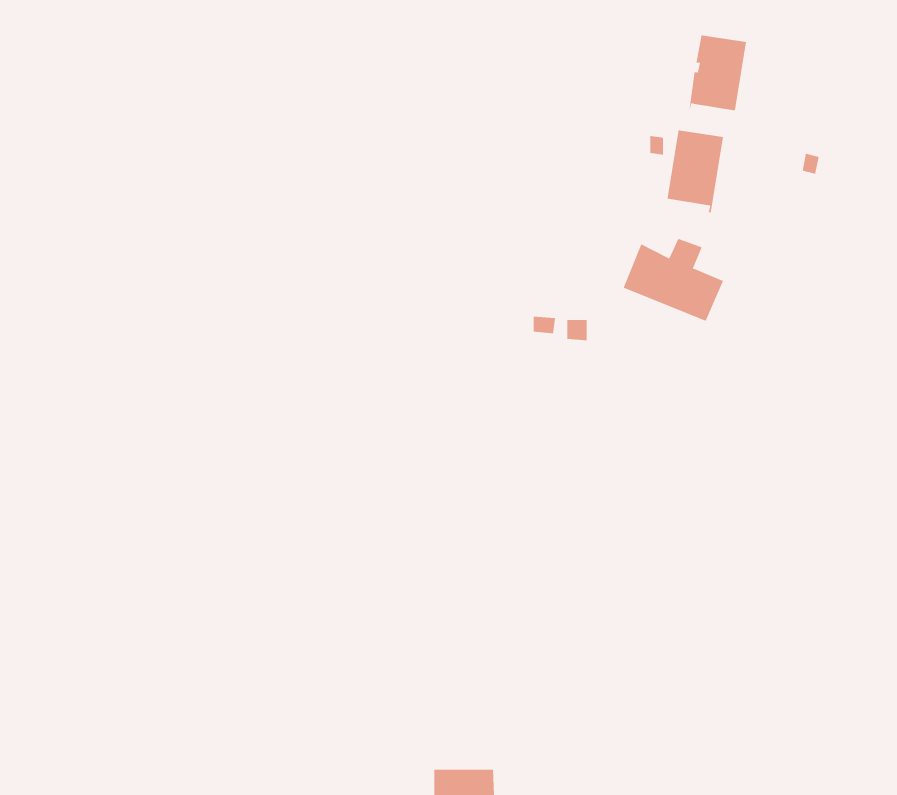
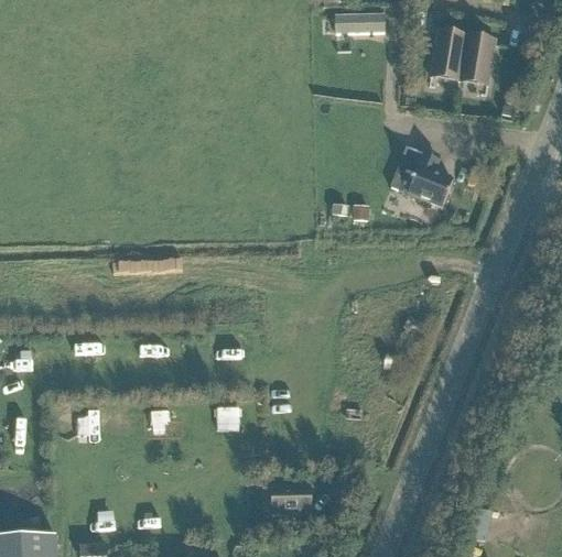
building: none -> [335,12,385,32]
building: [665,130,724,213] -> [460,33,496,85]

